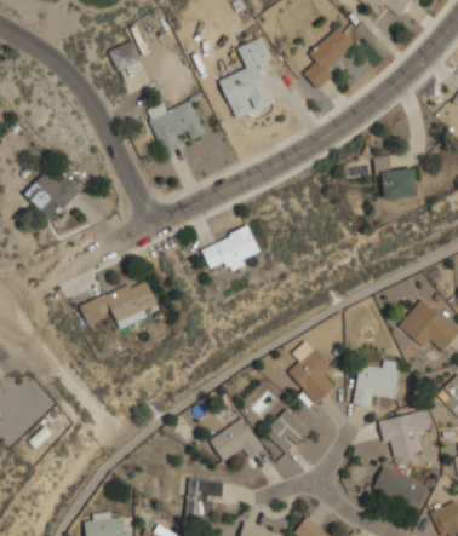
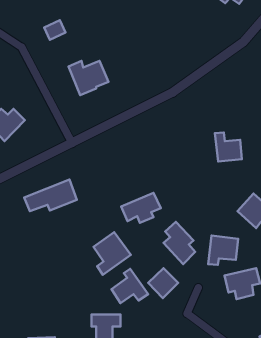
building: [303,27,356,87] -> none
building: [217,38,273,119] -> none
building: [377,156,417,200] -> [215,132,242,162]
building: [200,227,259,272] -> [121,193,161,223]
building: none -> [94,232,131,275]
building: [373,468,426,508] -> none

